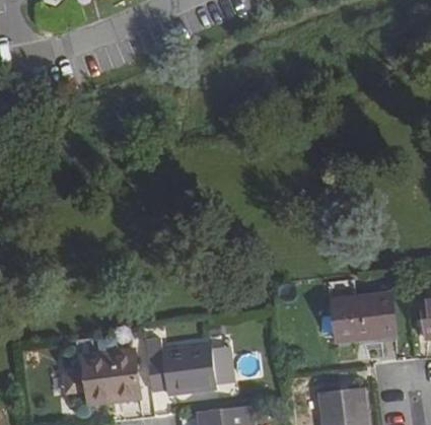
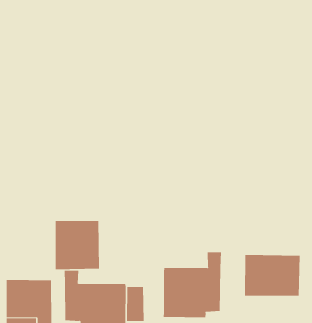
building: none -> [55,220,99,270]
building: none -> [163,252,221,318]

